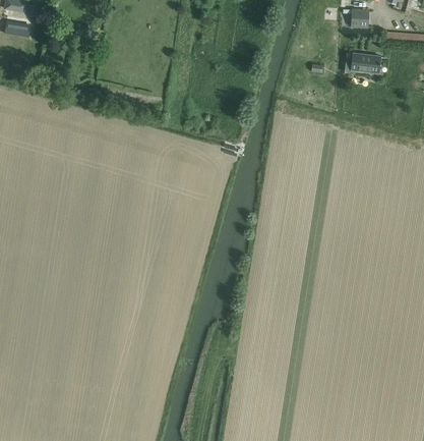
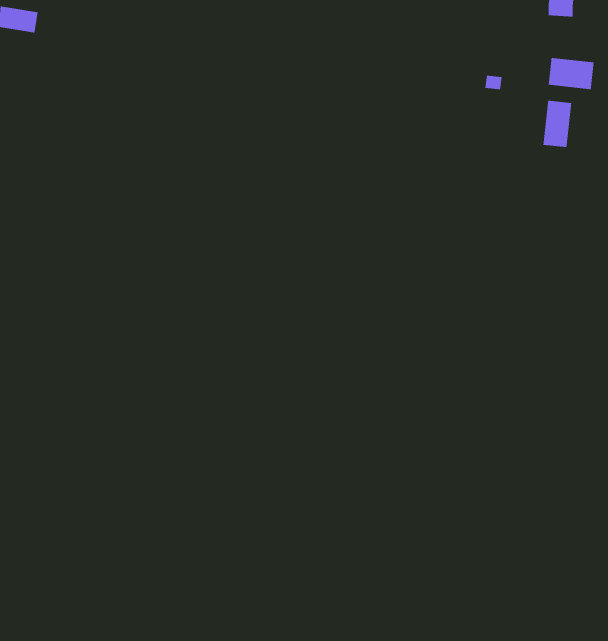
building: none -> [543,100,572,148]

